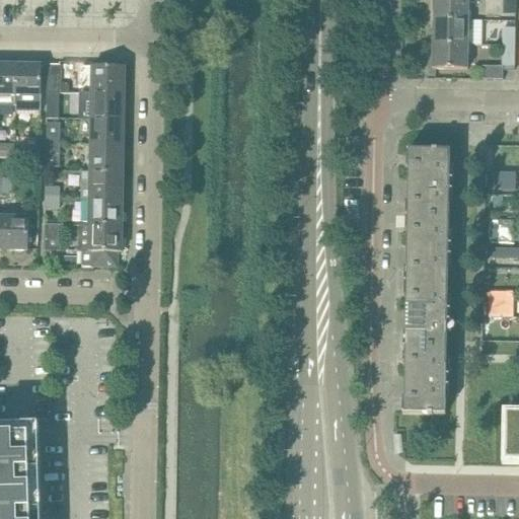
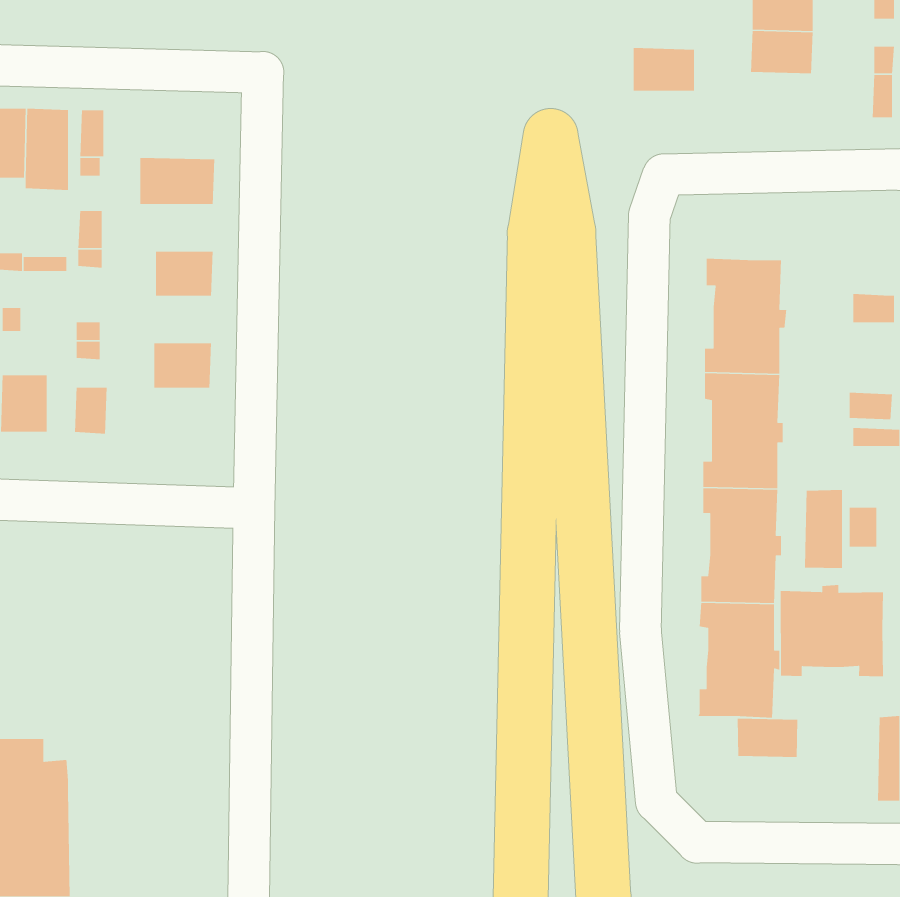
building: [431,42,466,67] -> [633,47,695,91]
building: [80,64,124,91] -> none
building: [89,118,123,144] -> none
building: [80,170,122,197] -> none
building: [79,223,121,265] -> none
building: none -> [804,489,843,569]
building: none -> [780,584,884,677]
building: none -> [737,718,798,758]

